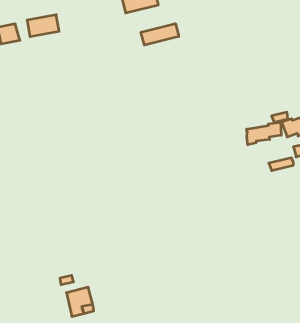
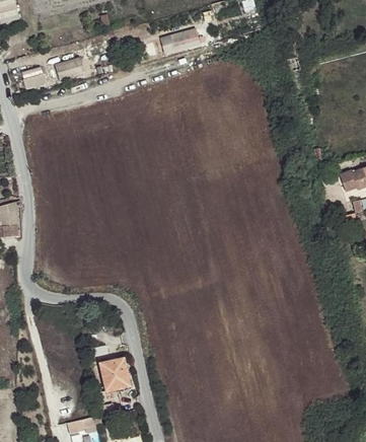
building: [141,24,179,45] -> none
building: [247,122,281,145] -> none

